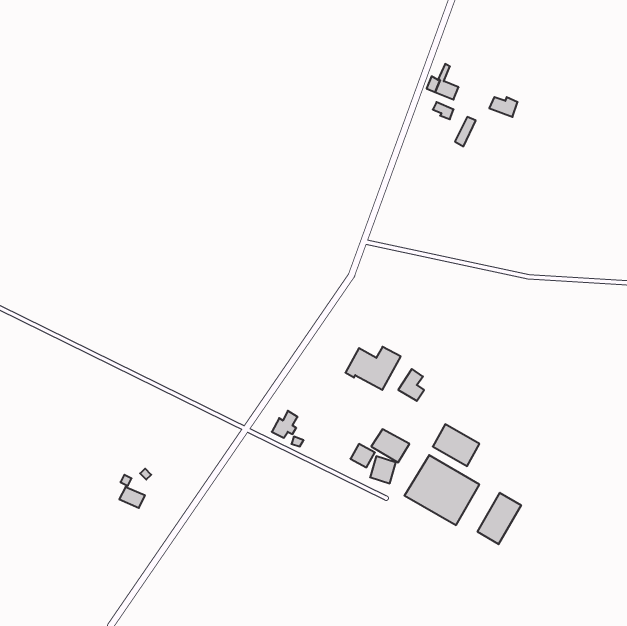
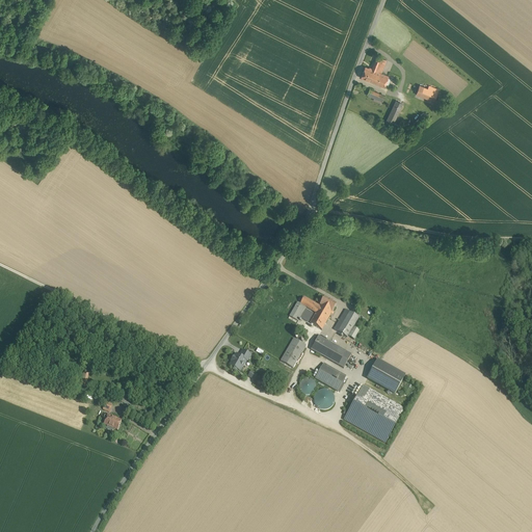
building: none -> [310,335,350,367]
building: none -> [281,338,307,366]
building: [478,493,521,544] -> none

